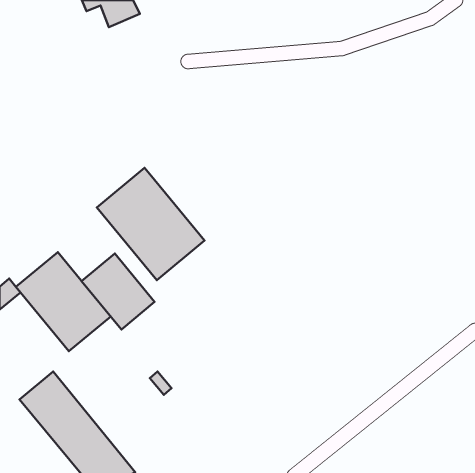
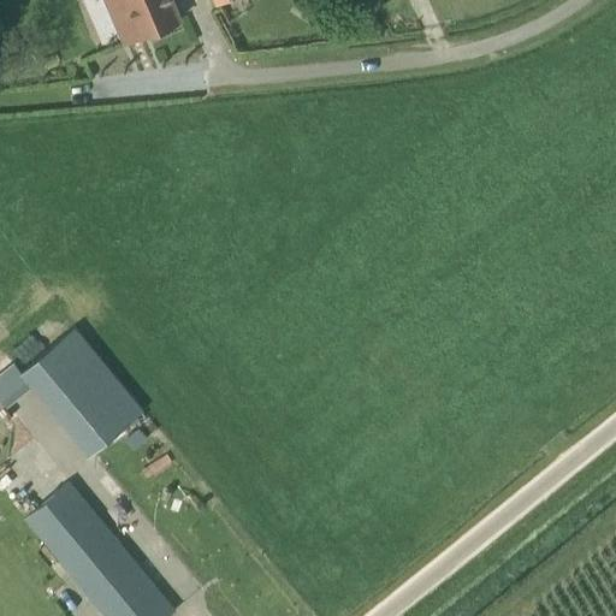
building: [97,168,205,280] -> none
building: [82,254,155,329] -> none

